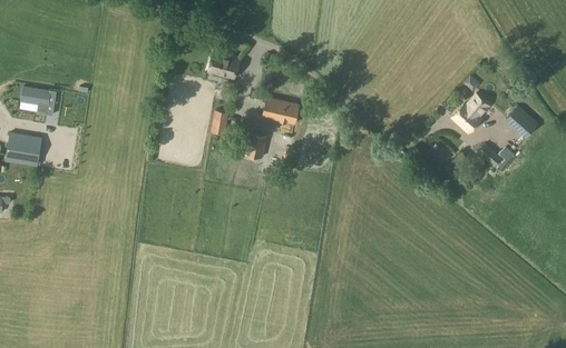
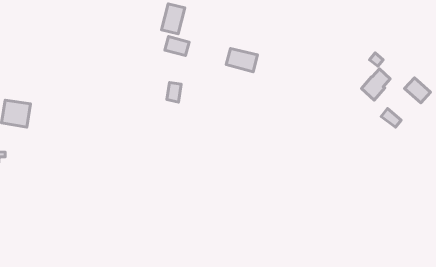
building: none -> [162,4,185,34]
building: [20,86,49,112] -> none
building: [262,96,301,125] -> [226,49,258,72]

